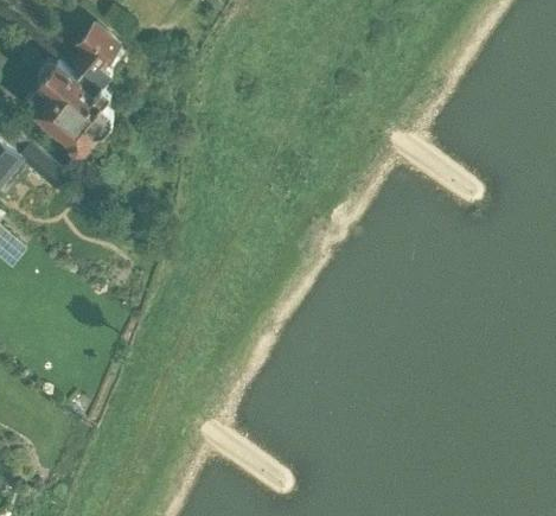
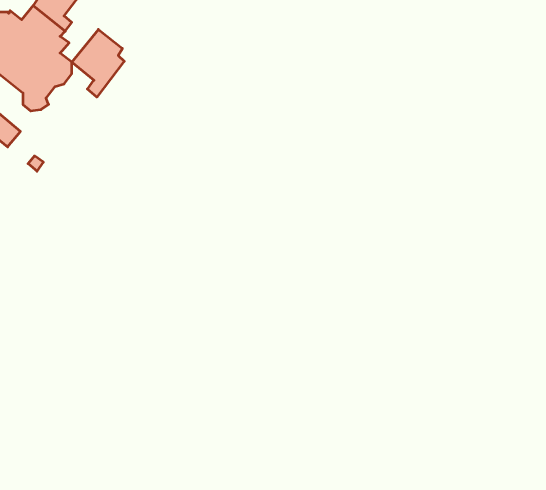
building: none -> [72,29,124,97]

